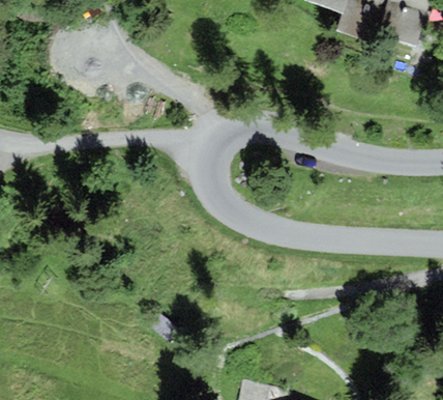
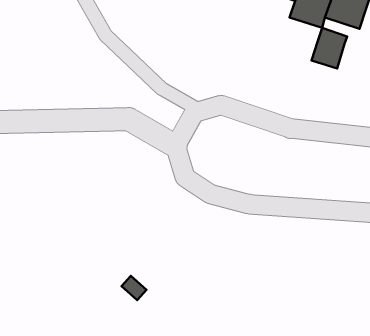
building: none -> [311,28,347,69]

